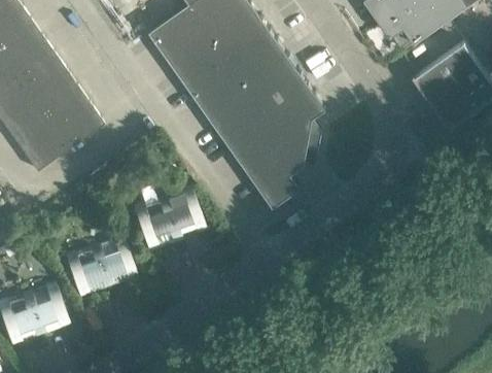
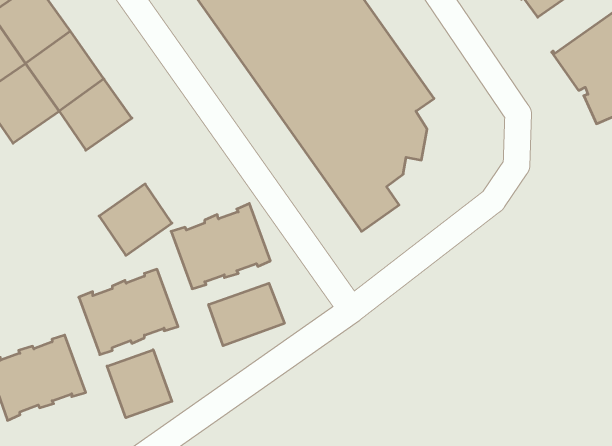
building: [15,120,69,172] -> [99,184,172,255]
building: none -> [209,283,284,346]
building: none -> [107,350,172,418]

